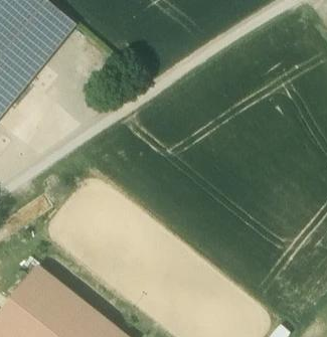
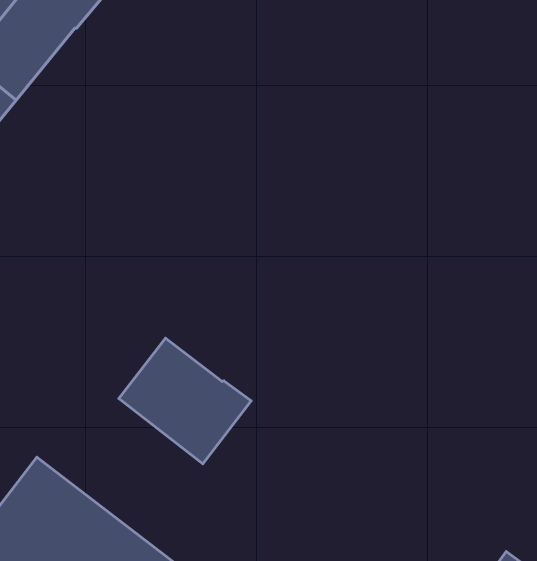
building: none -> [119,338,251,464]

